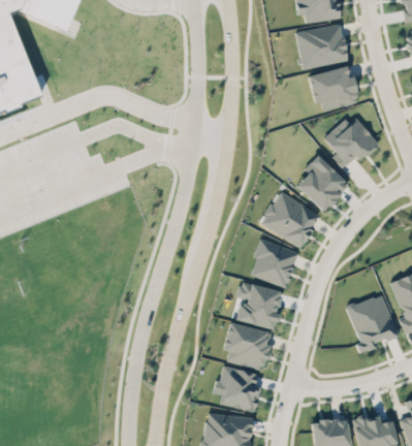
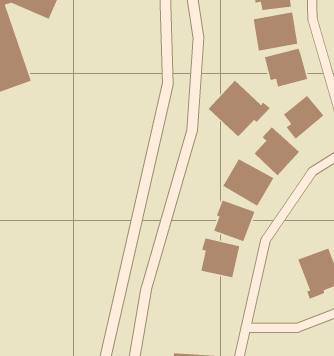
building: none -> [208,80,271,137]
building: [223,322,272,370] -> none
building: [216,365,258,404] -> none

